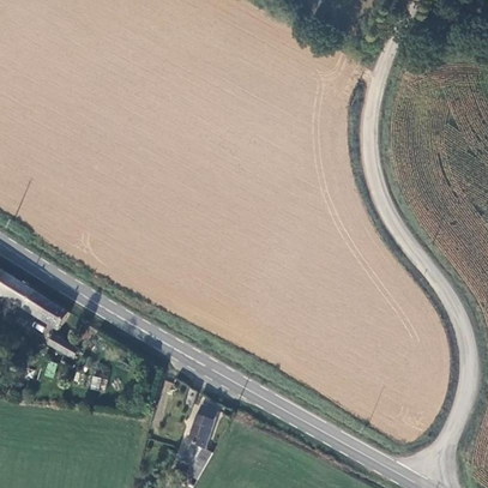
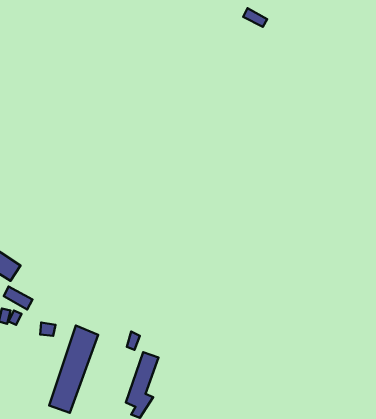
building: none -> [49,325,98,413]

